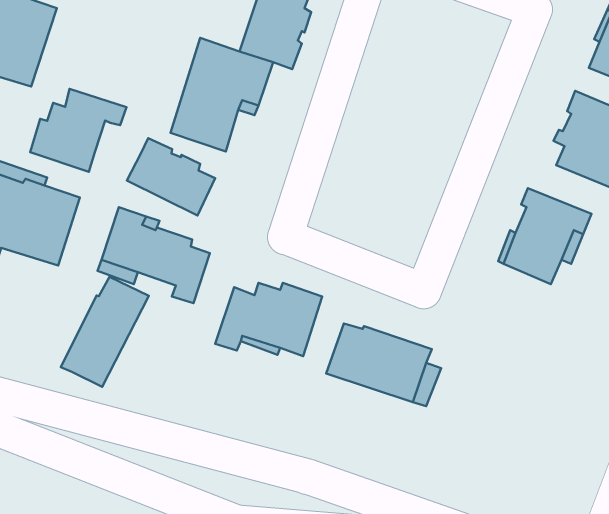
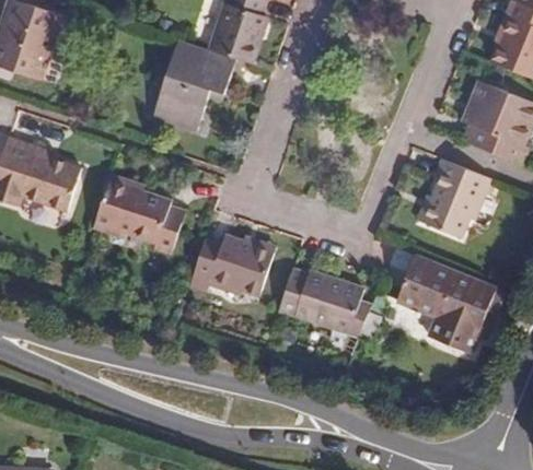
building: [30,89,126,172] -> none
building: [127,138,215,216] -> none
building: [61,277,149,387] -> none
building: none -> [396,254,495,352]

